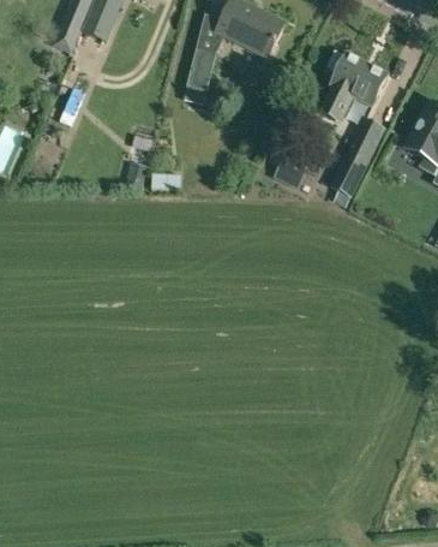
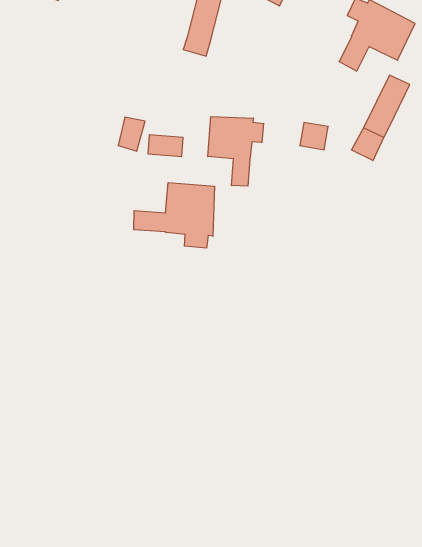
building: none -> [208,117,264,186]
building: none -> [134,183,215,248]

